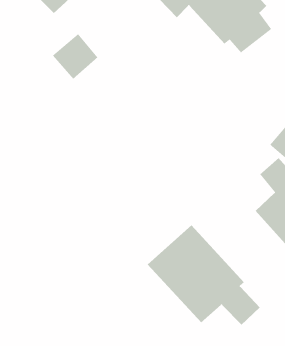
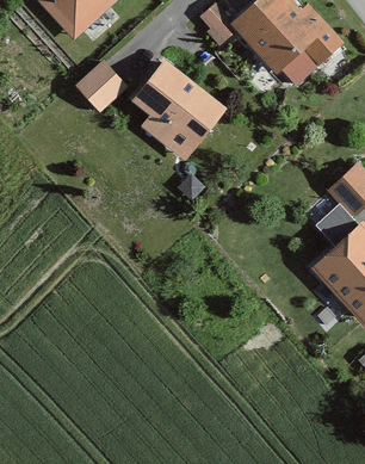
building: none -> [130,61,224,165]
building: [147,224,260,325] -> none

